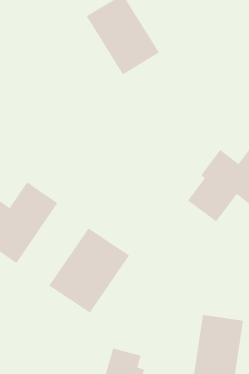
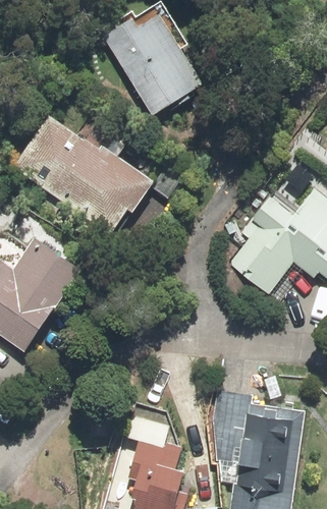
building: none -> [19,123,149,230]
building: [48,228,130,314] -> none
building: none -> [219,392,250,467]

